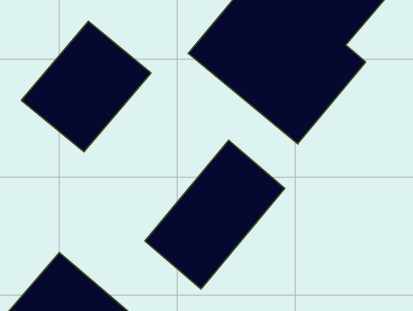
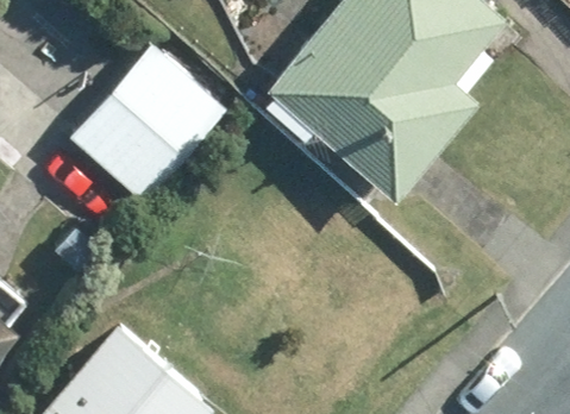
building: [145,140,285,289] -> none

